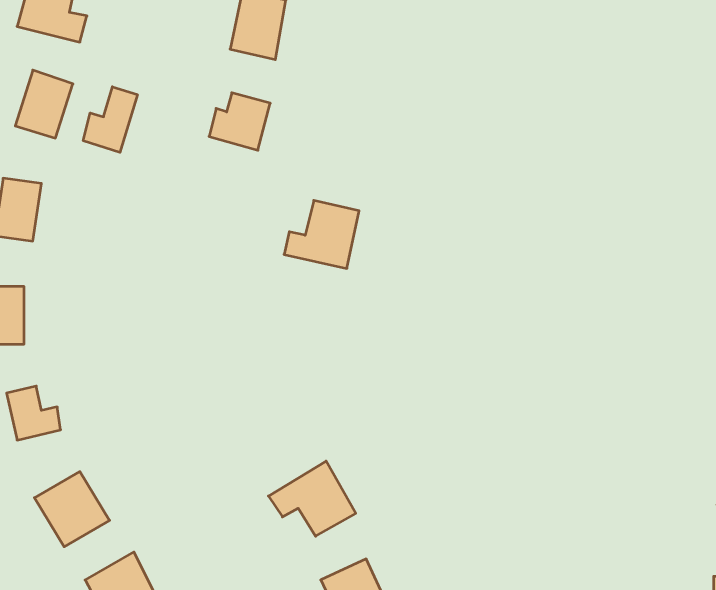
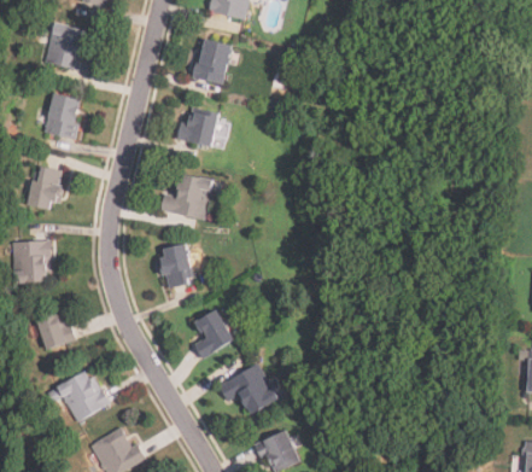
building: [83,87,137,152] -> none
building: [284,200,359,268] -> [159,173,211,220]
building: none -> [160,245,191,287]
building: none -> [193,309,233,359]

